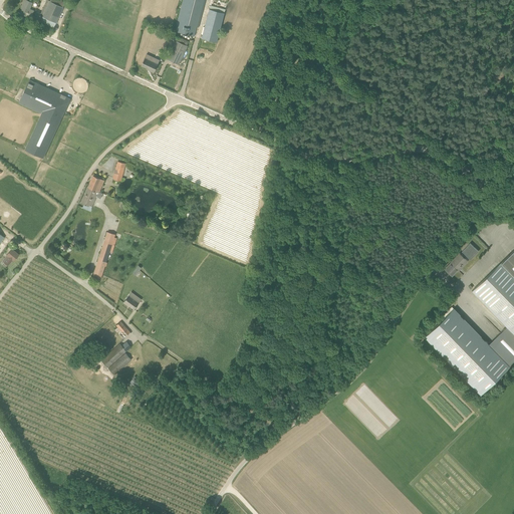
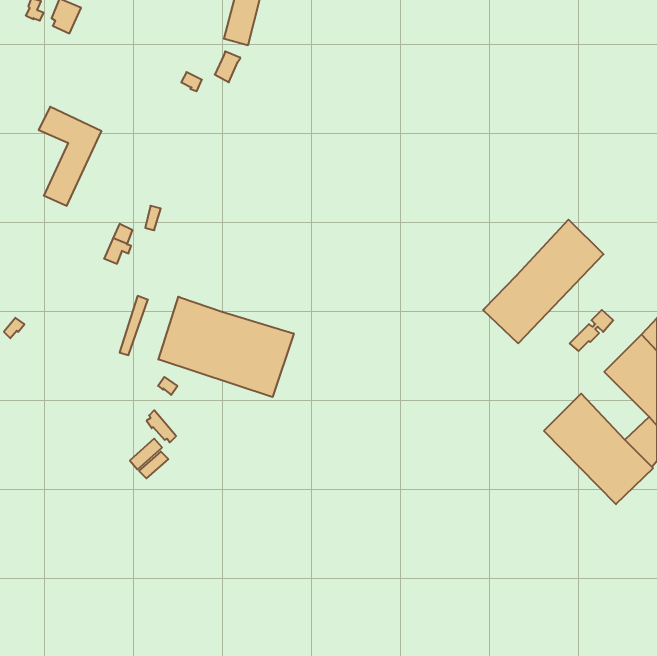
building: [202,8,224,41] -> none
building: none -> [483,220,604,343]
building: none -> [158,297,294,397]

